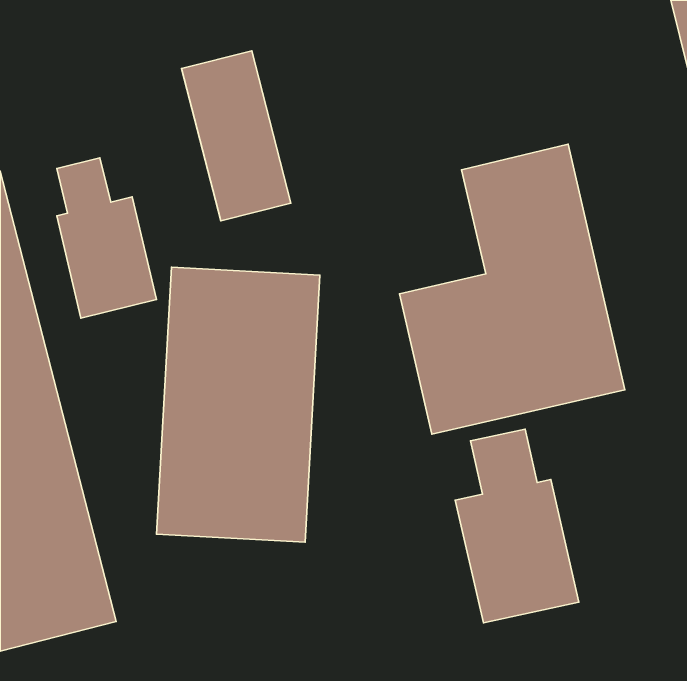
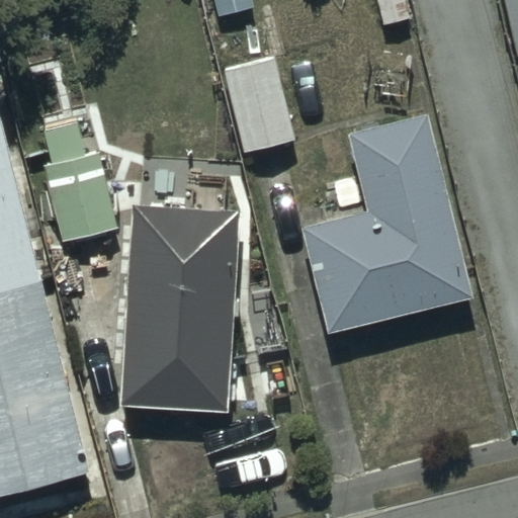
building: [182,51,291,221] -> [215,27,297,155]
building: [455,429,579,623] -> none

